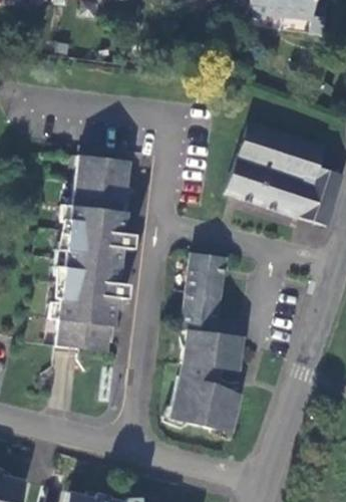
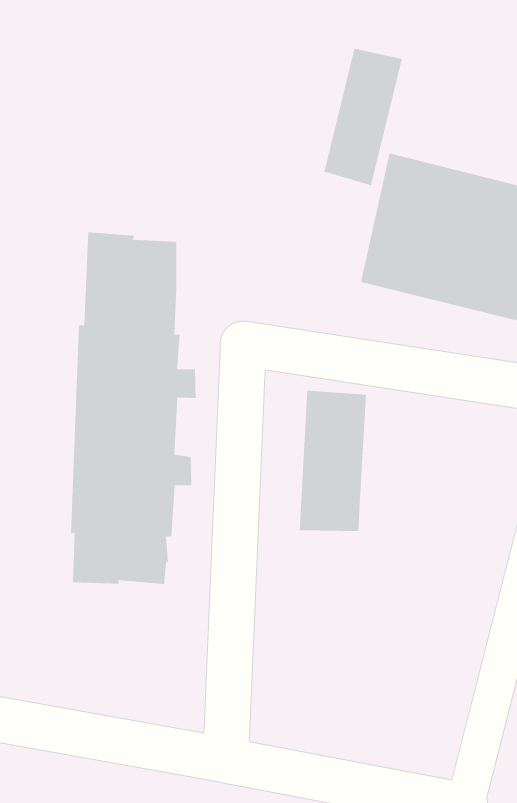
building: none -> [324,48,402,186]
building: [169,316,246,434] -> none

